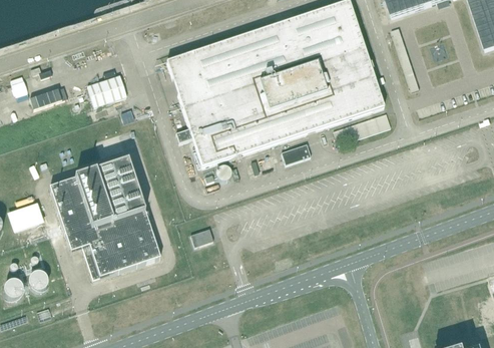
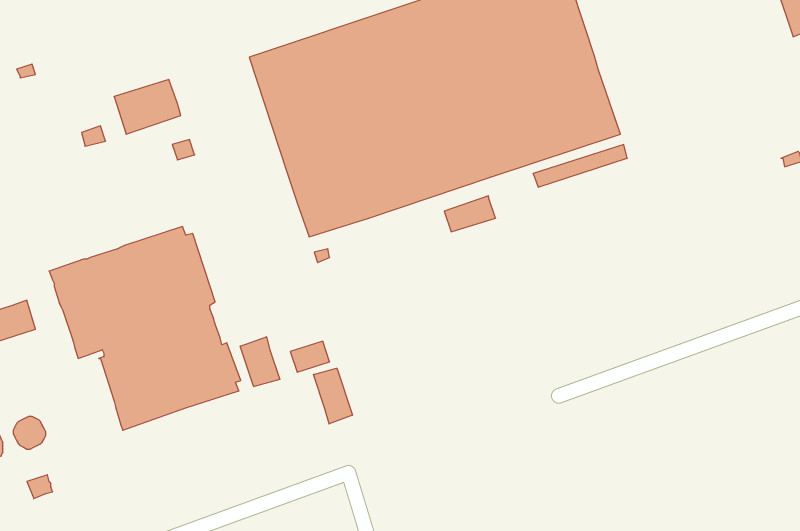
building: none -> [240,337,280,387]
building: none -> [313,368,352,424]

